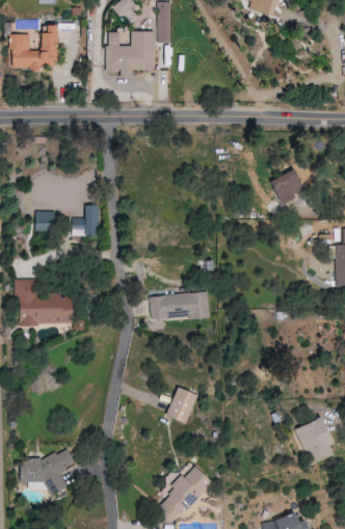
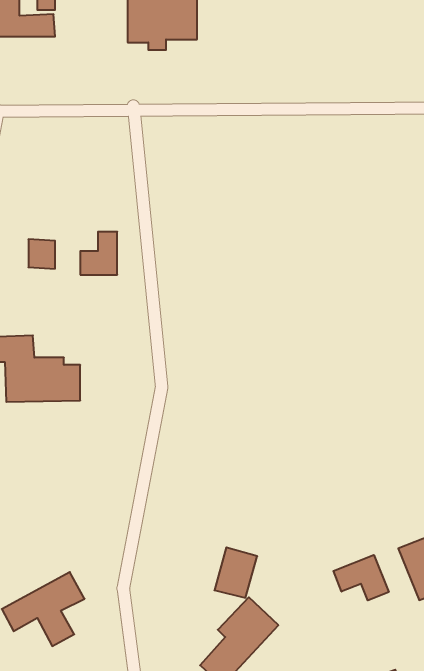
building: [269,168,304,205] -> none
building: [149,290,209,321] -> none
building: [166,388,196,423] -> [214,547,257,598]
building: none -> [333,555,389,600]

